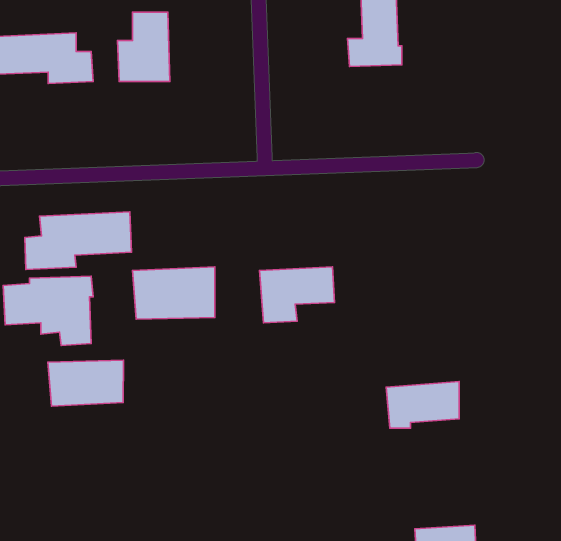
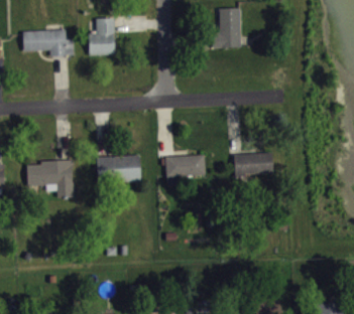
building: [25,212,132,270] -> none
building: [48,360,123,406] -> none
building: [386,381,459,428] -> [233,152,272,177]

